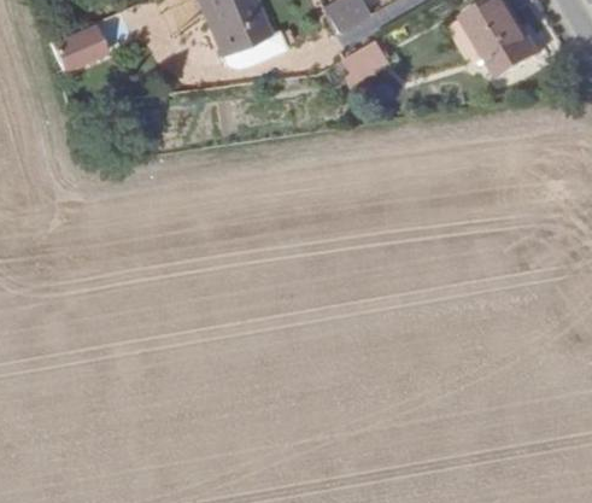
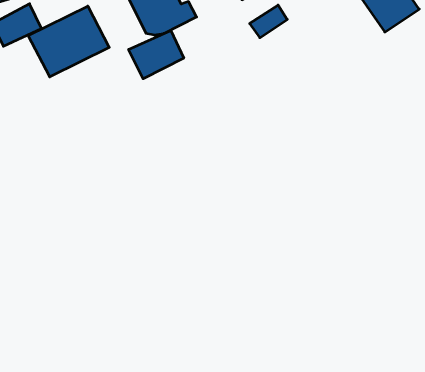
building: none -> [28,6,109,77]
building: none -> [129,30,184,79]

